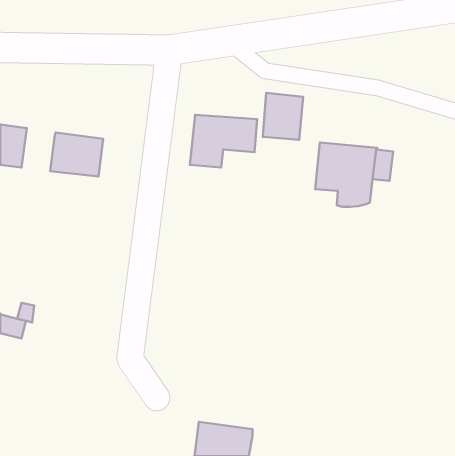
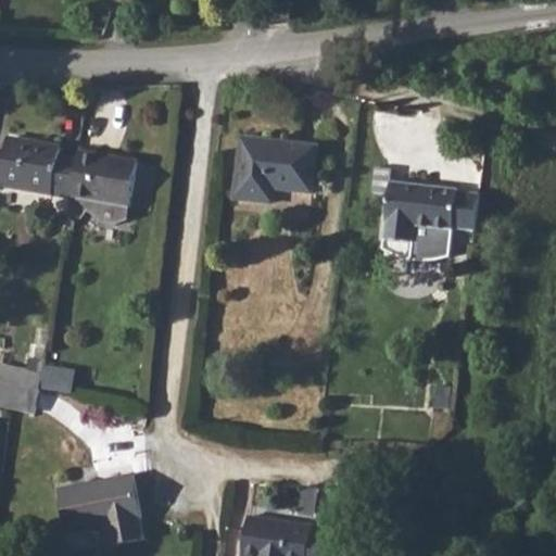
building: [263,93,303,140] -> none
building: none -> [29,155,70,207]
building: none -> [56,476,142,548]

